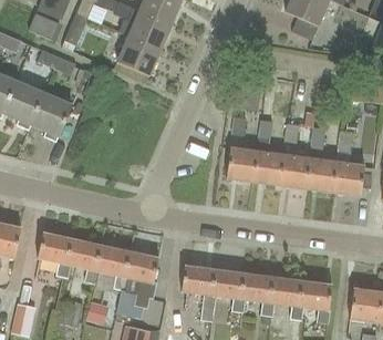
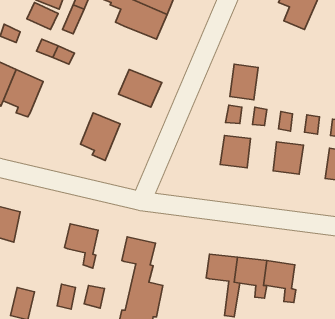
building: [116,35,161,74] -> [119,69,162,107]
building: [31,92,72,141] -> [80,113,120,160]
building: [253,151,283,184] -> none
building: [307,157,338,192] -> none
building: [37,231,72,277] -> none
building: [95,245,131,289] -> none
building: [182,265,215,320] -> none
building: [299,280,332,322] -> none

